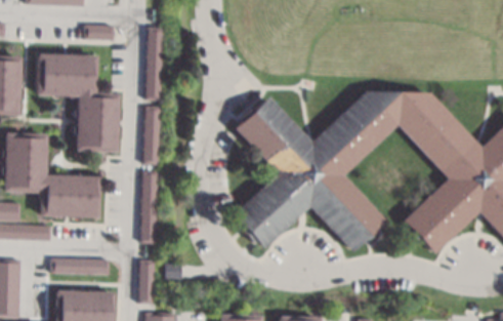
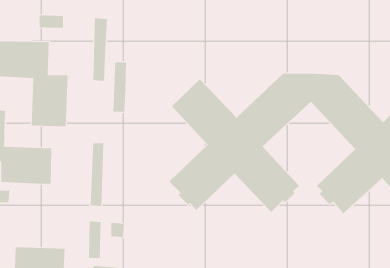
building: [144,107,161,164] -> [113,62,127,112]
building: [52,258,111,275] -> none

